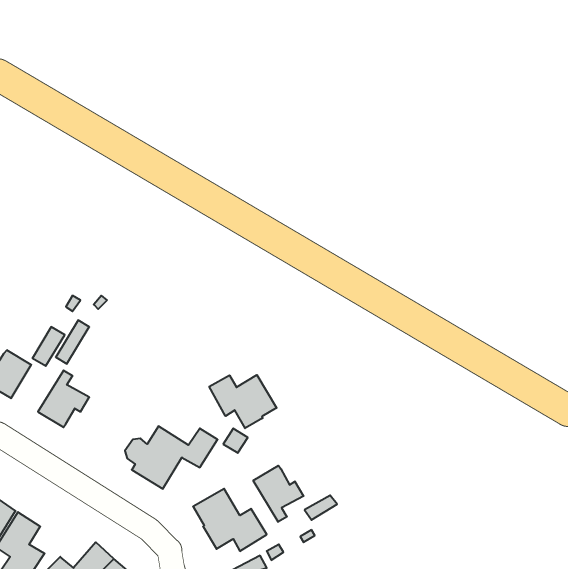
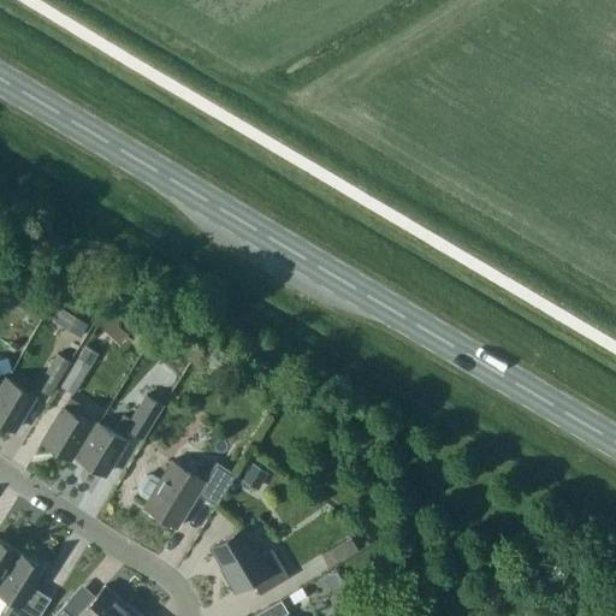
building: none -> [71,397,162,478]
building: [209,375,277,428] -> none
building: [253,466,304,522] -> none

